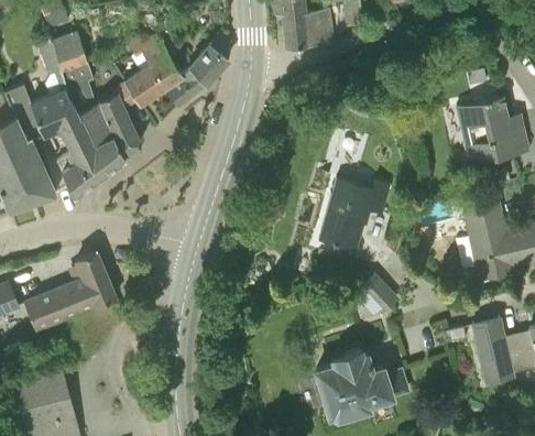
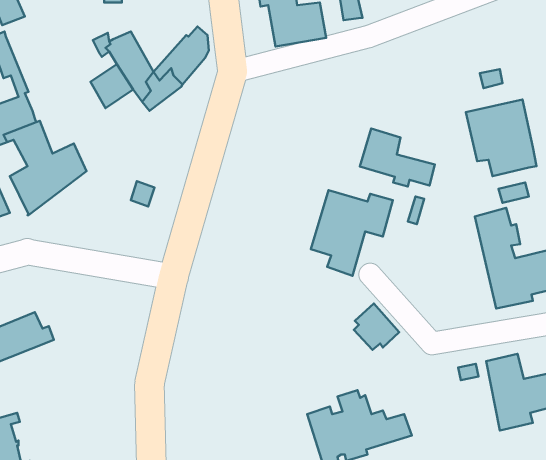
building: [53,31,91,88] -> none
building: [78,86,141,157] -> none
building: none -> [360,129,435,186]
building: [73,251,117,306] -> none

